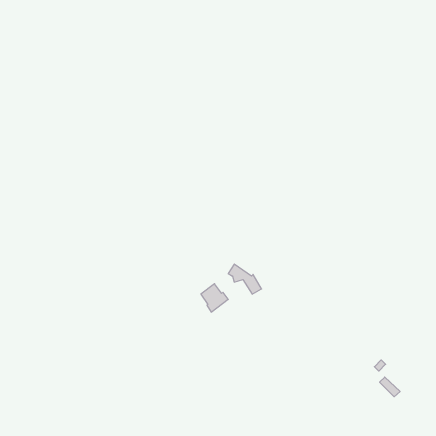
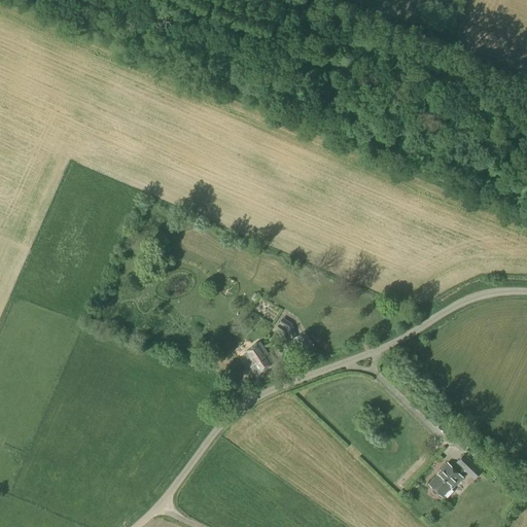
building: none -> [428,463,460,497]

